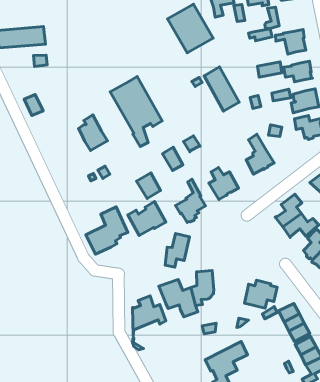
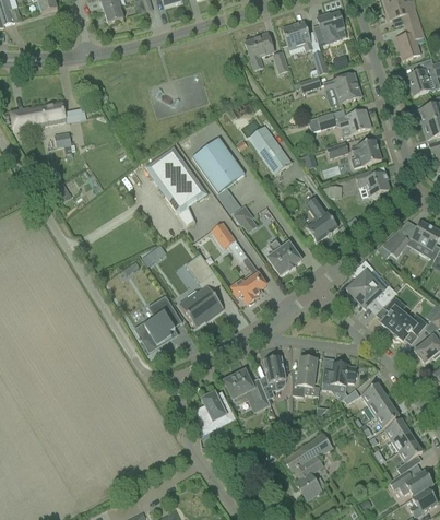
building: [168,4,213,53] -> [191,135,245,191]
building: [78,115,108,151] -> none
building: [165,233,190,267] -> [292,356,316,394]

